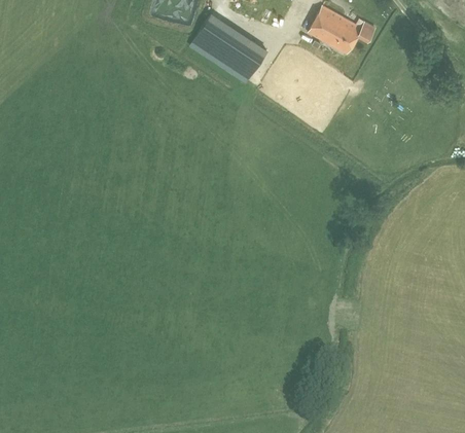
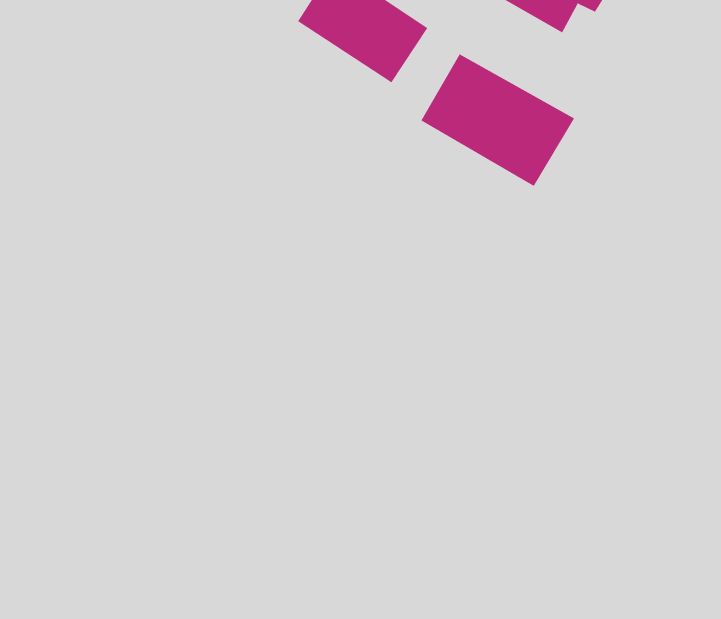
building: none -> [420,53,575,187]

